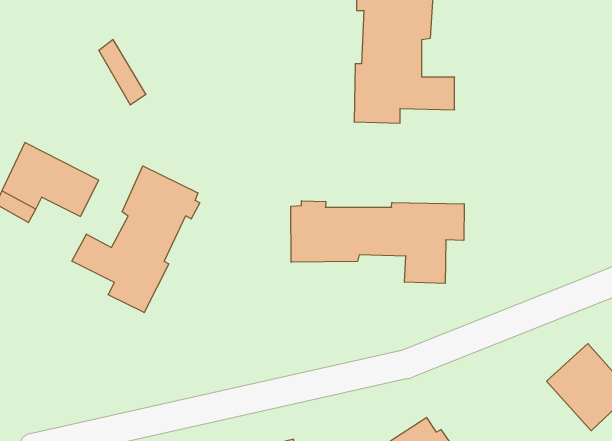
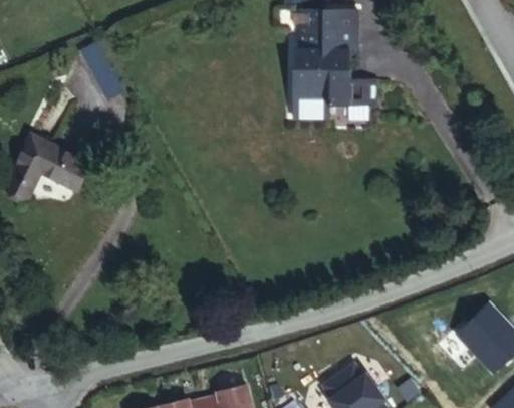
building: [72,166,200,313] -> none
building: [291,201,464,283] -> none

